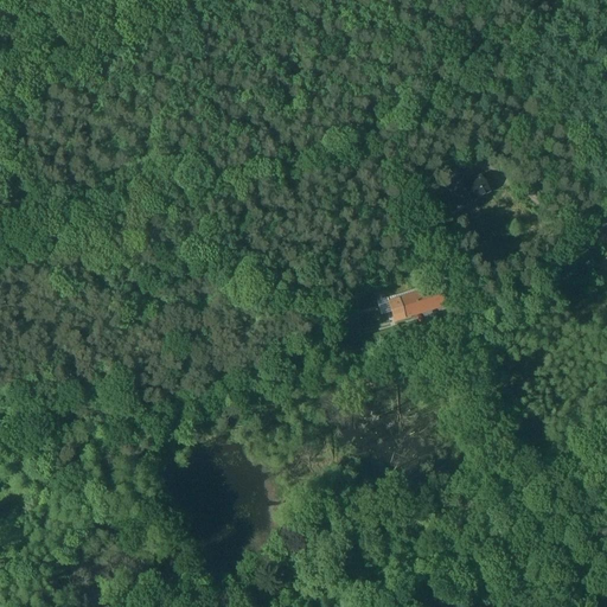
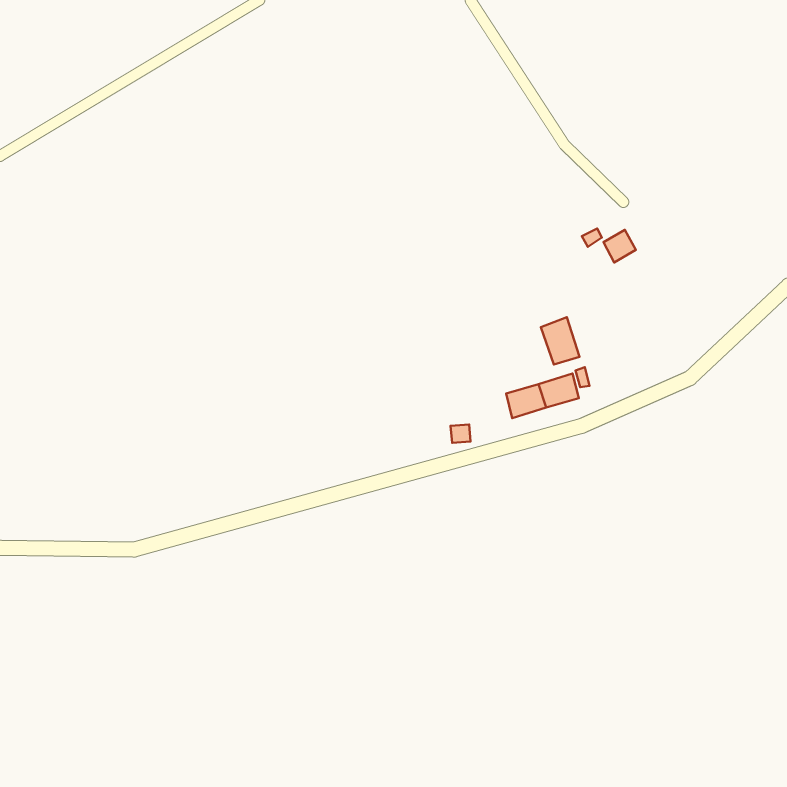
building: none -> [541,317,579,365]

